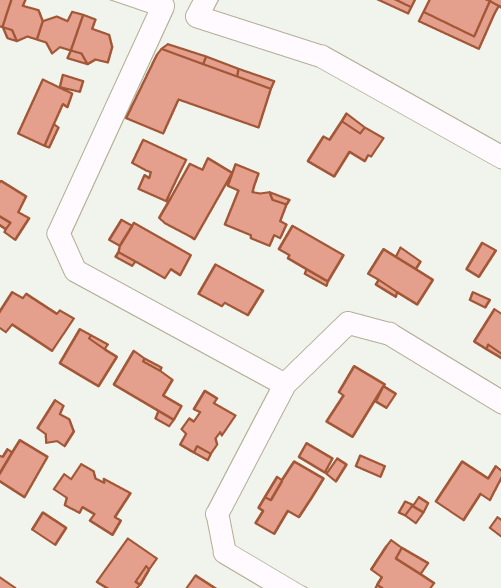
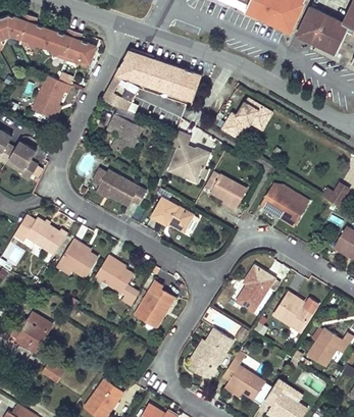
building: [159,158,232,239] -> none
building: [37,400,74,446] -> none
building: none -> [273,292,318,330]
building: [54,464,131,535] -> none
building: none -> [223,356,265,399]

